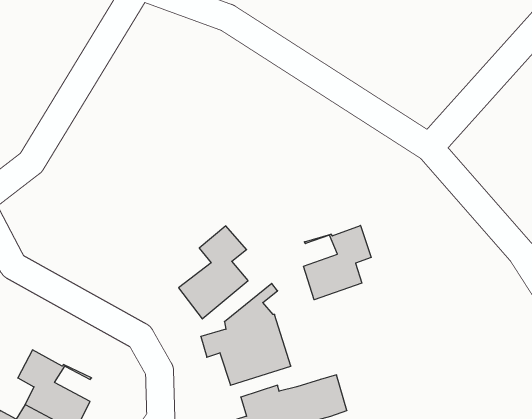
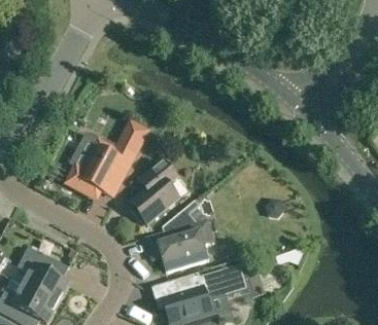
building: none -> [67,121,147,195]
building: [304,225,371,300] -> none

